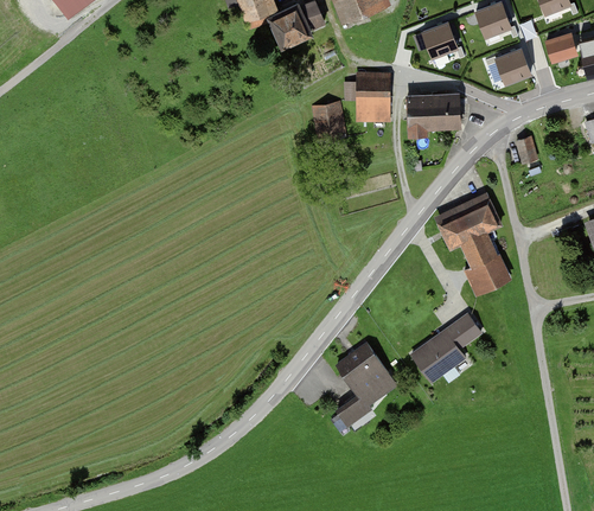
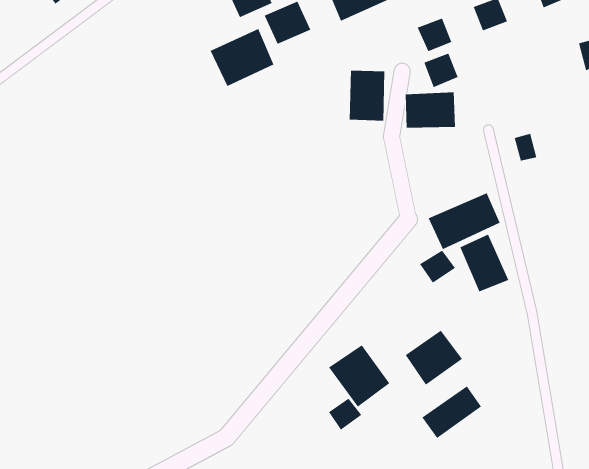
building: none -> [210,28,274,87]
building: [544,33,574,60] -> none
building: [494,49,529,83] -> [423,53,459,88]
building: [313,100,345,133] -> none
building: [445,312,480,345] -> [419,250,456,284]
building: none -> [422,386,482,439]

